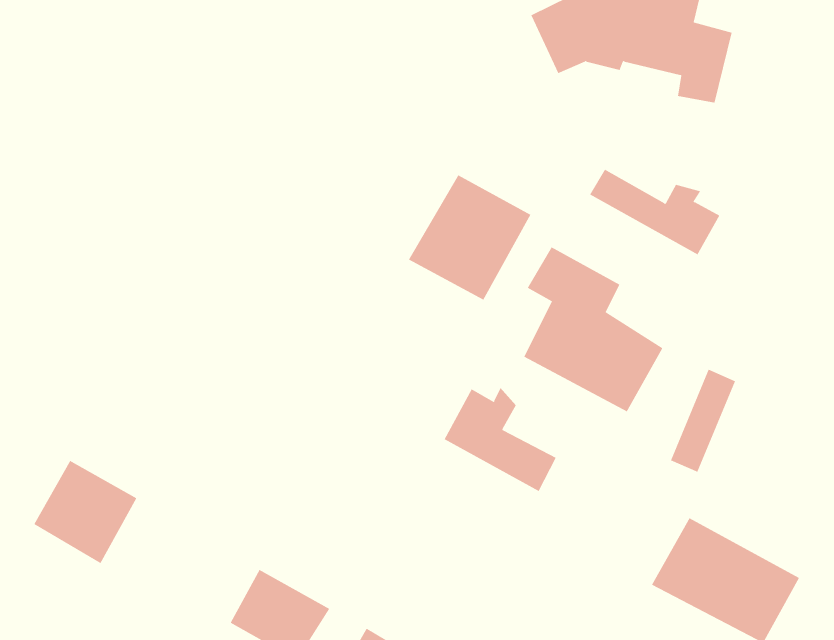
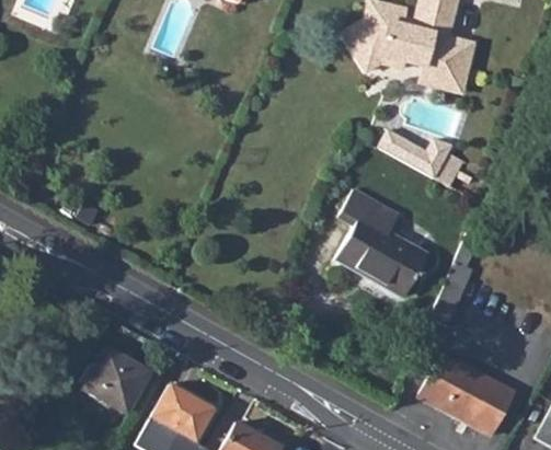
building: [408,175,531,300] -> none
building: [444,387,557,492] -> none
building: [34,460,137,564] -> [84,350,150,416]

